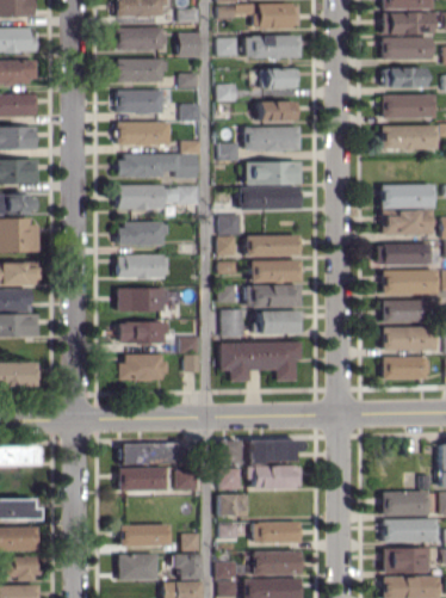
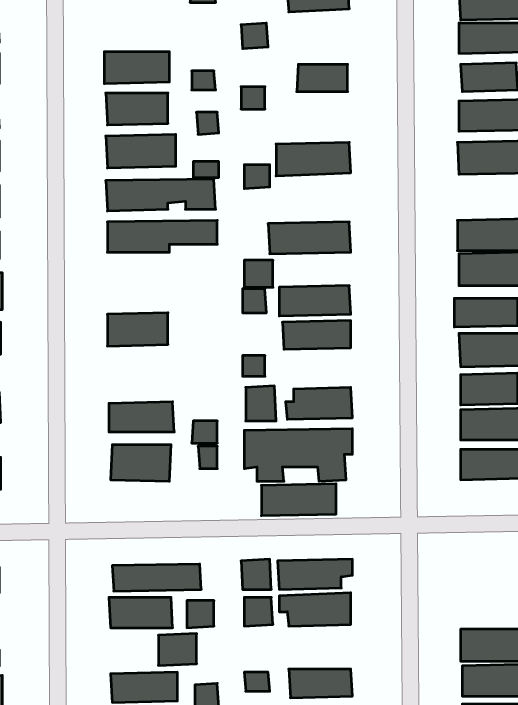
building: [116,26,163,50] -> none
building: [178,33,199,57] -> none
building: [243,35,298,58] -> none
building: [258,101,297,122] -> none
building: [243,161,299,185] -> none
building: [117,222,167,245] -> none
building: [244,284,301,308] -> [261,484,336,516]
building: [117,288,166,312] -> none
building: [218,493,247,517] -> [158,634,197,665]

